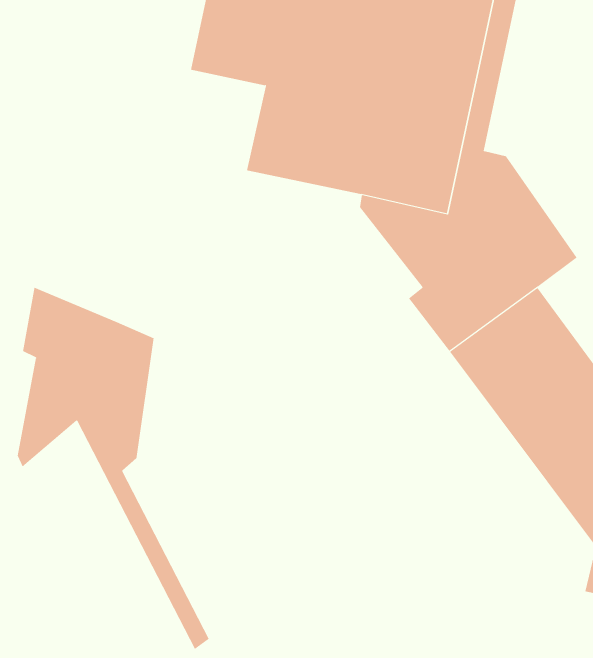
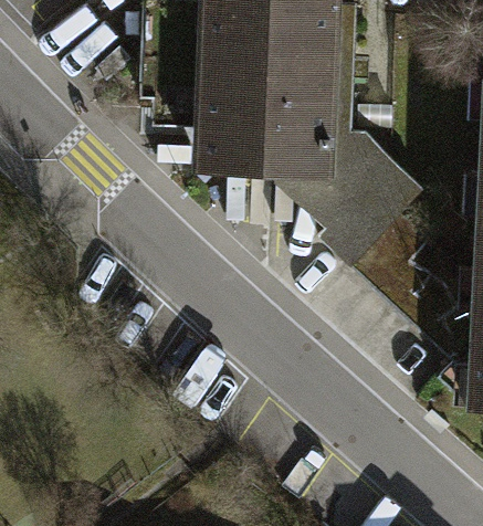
building: [17,287,209,650] -> none

